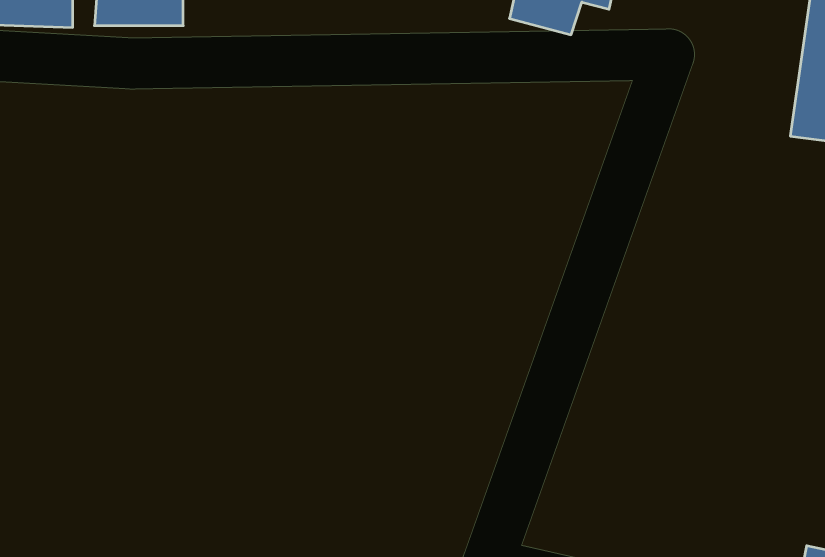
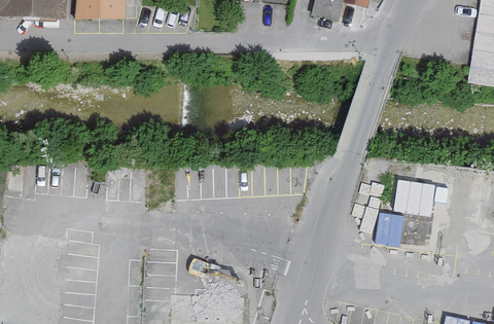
building: none -> [379,180,438,239]

